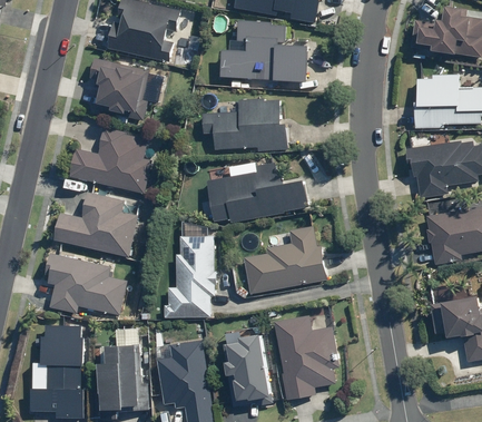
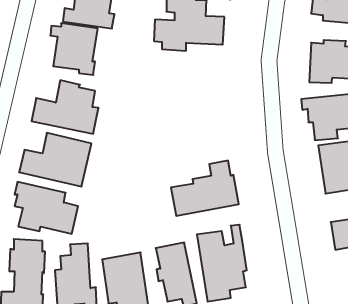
building: [201,99,285,151] -> none
building: [203,161,306,225] -> none
building: [163,235,217,317] -> none

